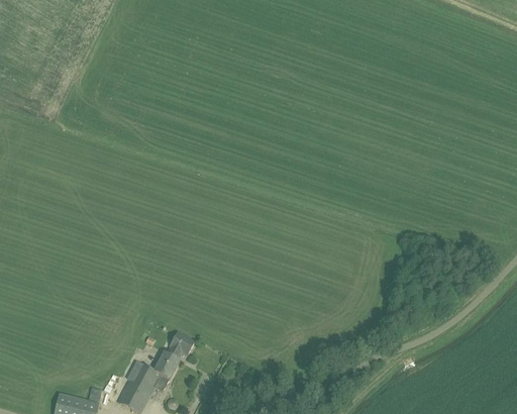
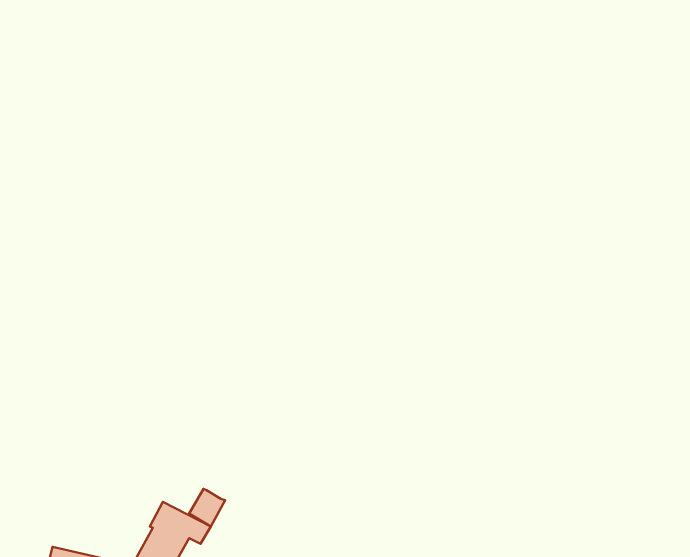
building: [167,330,194,357] -> none

